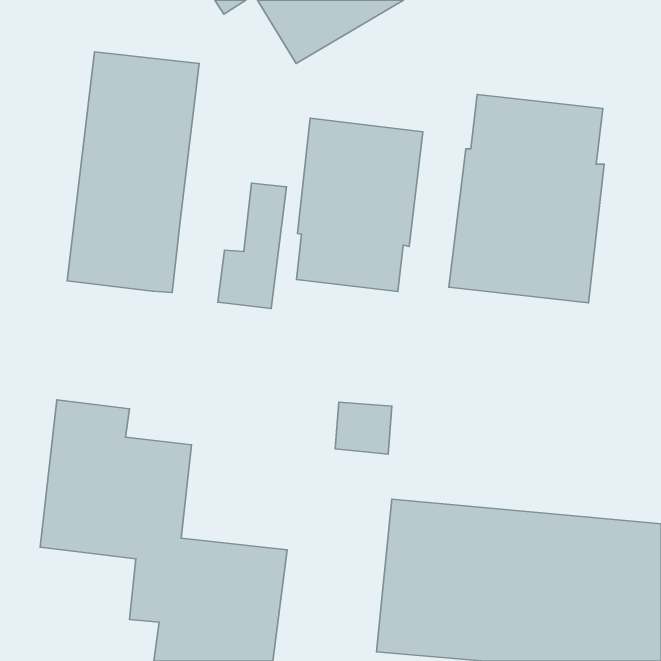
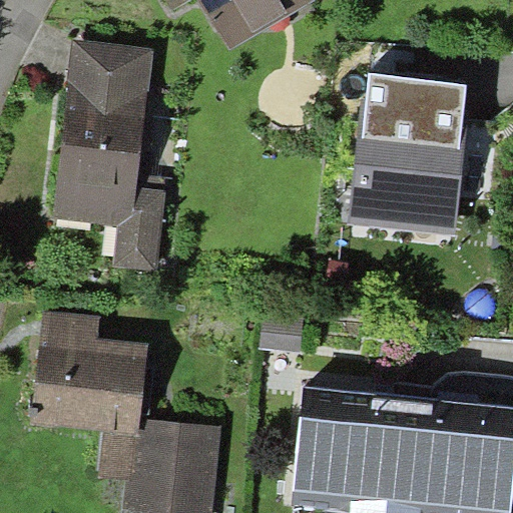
building: [297,118,423,291] -> none
building: [218,183,287,309] -> [113,173,166,271]

